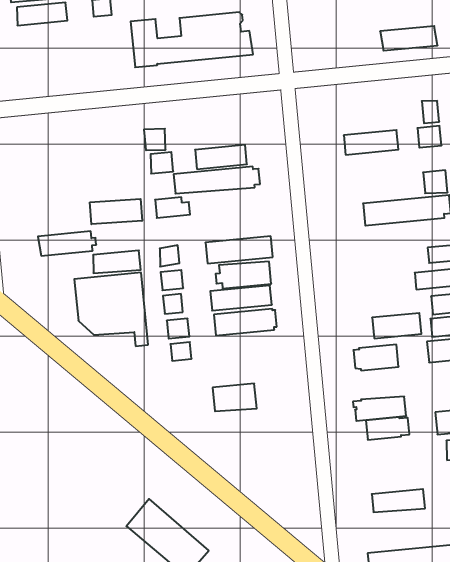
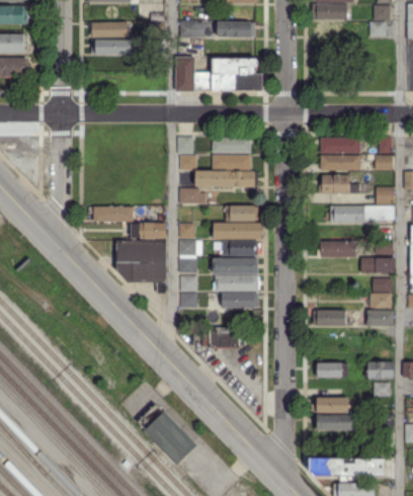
building: [380,26,438,51] -> [321,138,361,152]
building: none -> [214,138,251,152]
building: none -> [320,175,359,192]
building: [90,199,142,224] -> none
building: none -> [227,205,258,221]
building: [372,313,421,338] -> [321,241,355,256]
building: none -> [222,292,259,307]
building: [353,397,406,421] -> [311,398,348,413]

